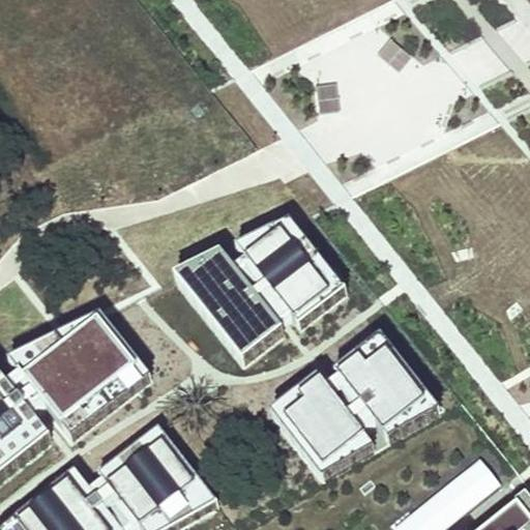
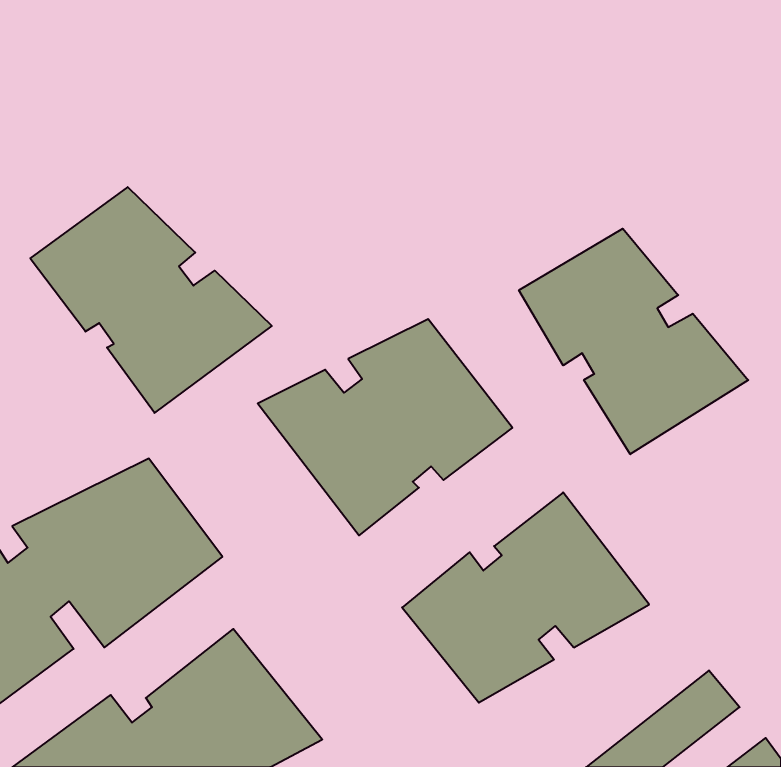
building: none -> [30,187,272,413]
building: none -> [519,229,748,454]

